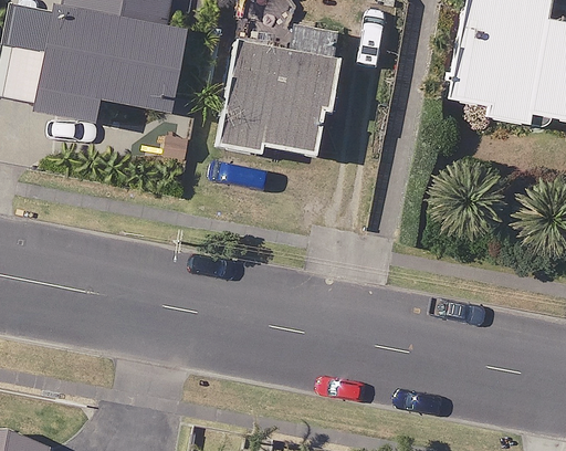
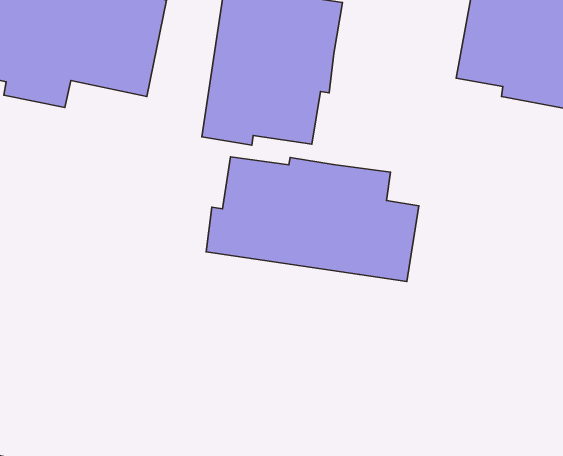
building: none -> [206,157,419,282]

